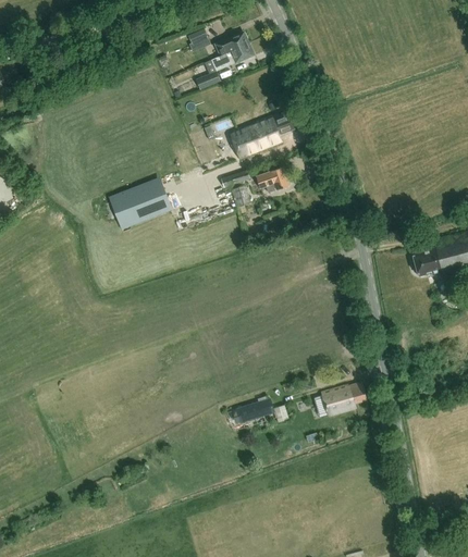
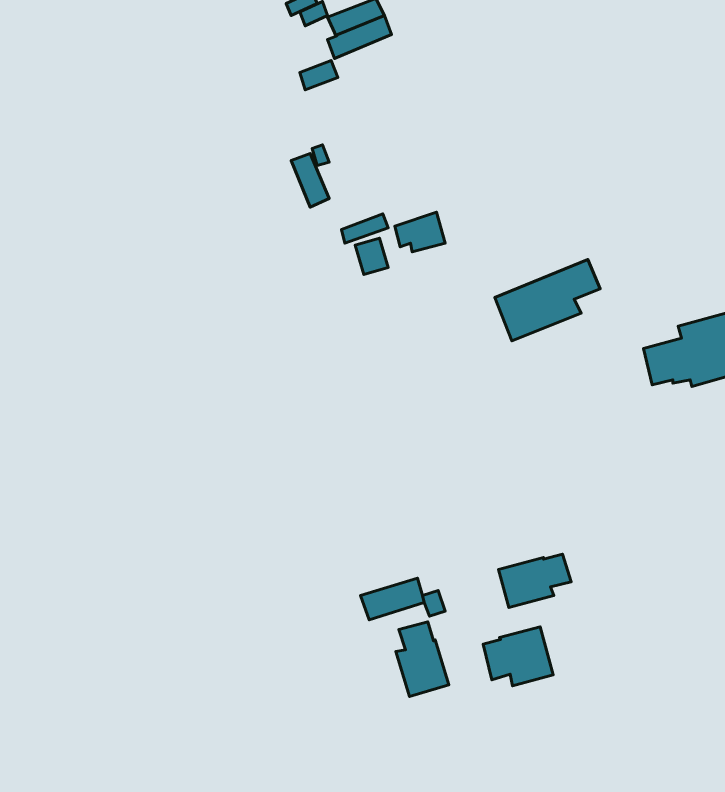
building: [229,109,295,160] -> [495,260,600,341]
building: [111,178,169,226] -> none
building: none -> [396,622,449,696]
building: none -> [483,627,553,686]

